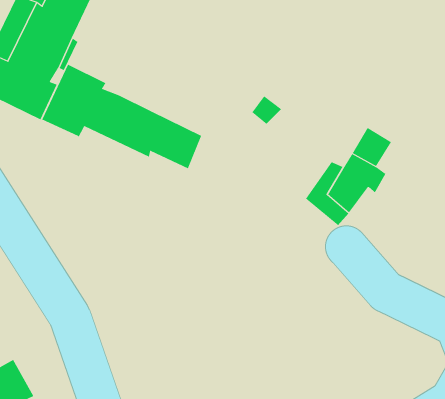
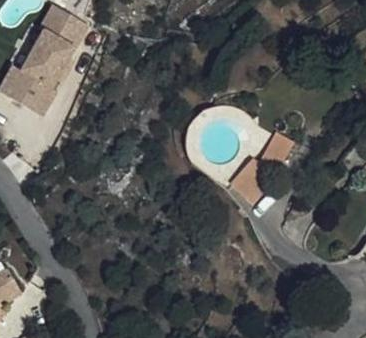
building: [41,64,202,169] -> none

